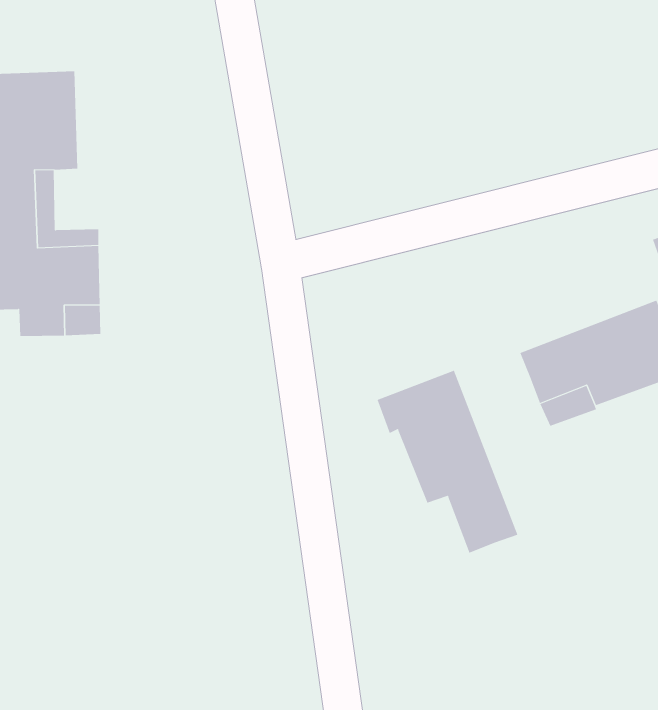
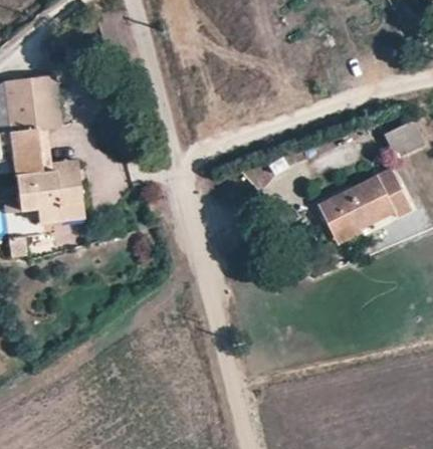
building: [377,370,518,553] -> none

